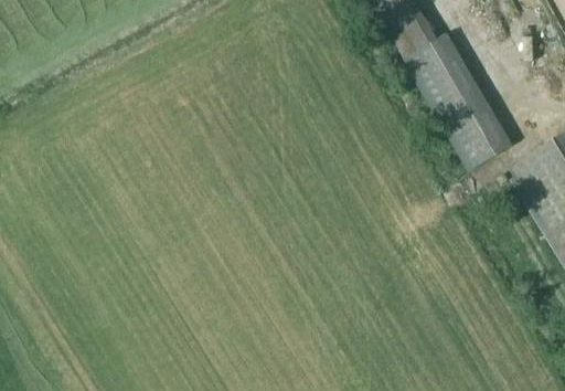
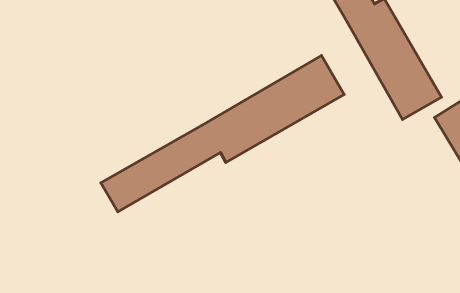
building: none -> [101,56,344,212]

